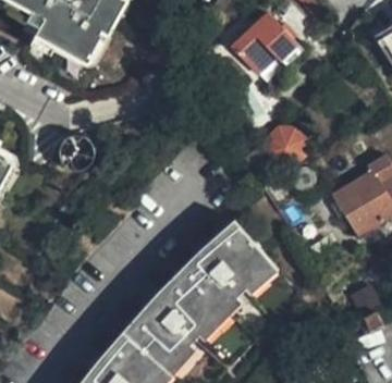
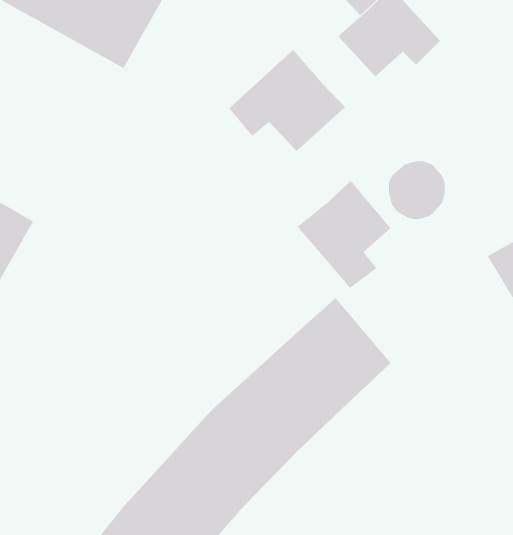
building: none -> [229,49,346,152]
building: none -> [297,180,391,289]

